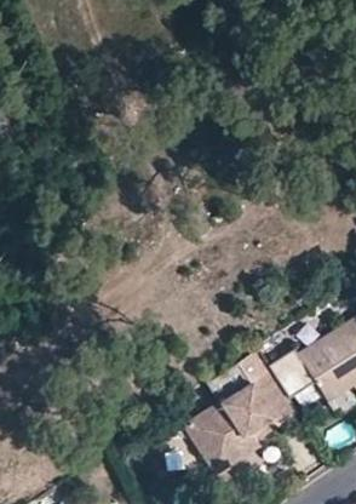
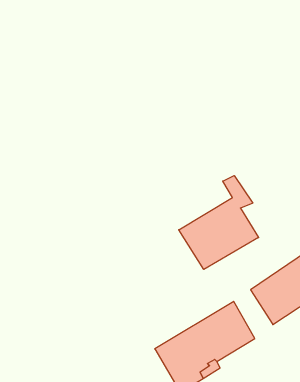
building: none -> [179,176,259,269]

